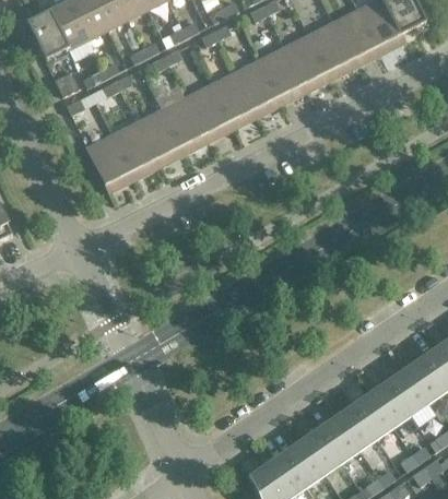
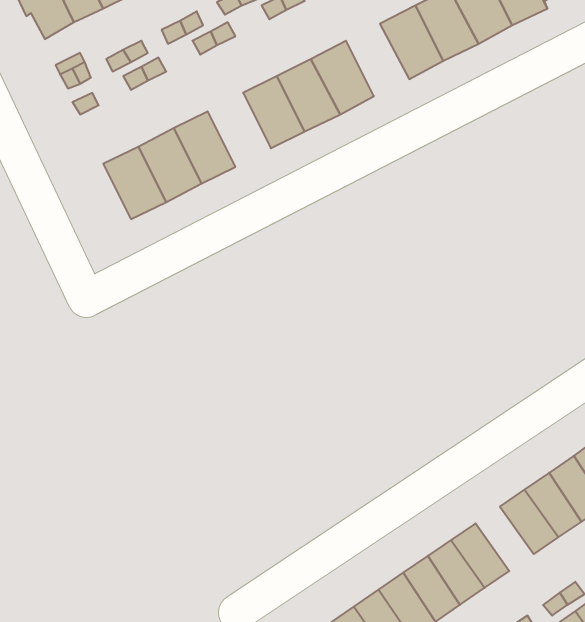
building: [261,48,306,99] -> none
building: [163,97,208,150] -> none
building: [353,391,394,437] -> none

